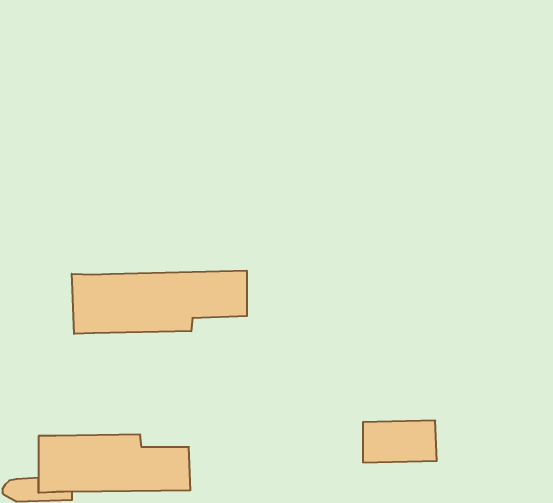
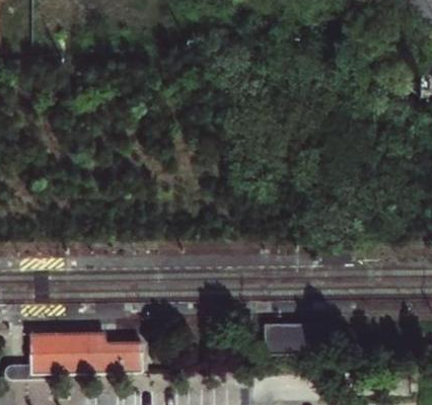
building: [72,271,247,334] -> none

